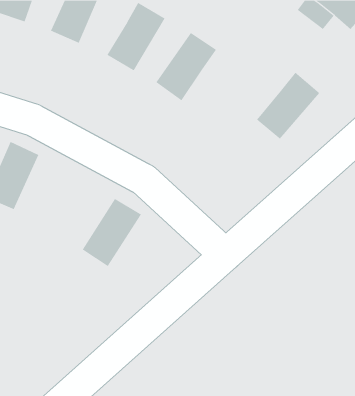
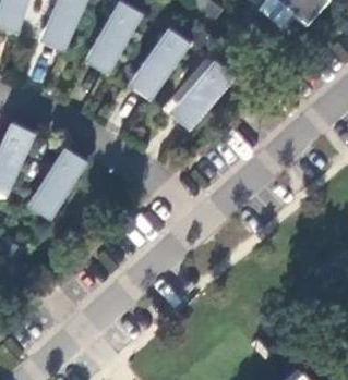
building: [256,72,320,139] -> [179,60,235,119]
building: [82,198,142,267] -> [35,148,87,208]

